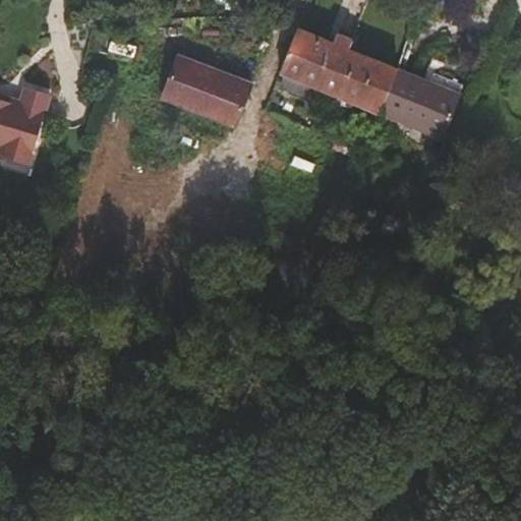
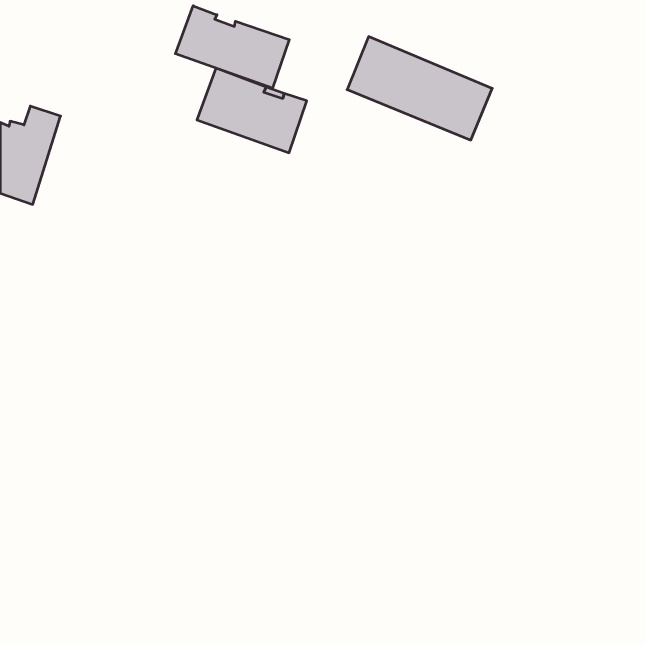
building: none -> [175,6,289,88]
building: [380,71,462,138] -> none

